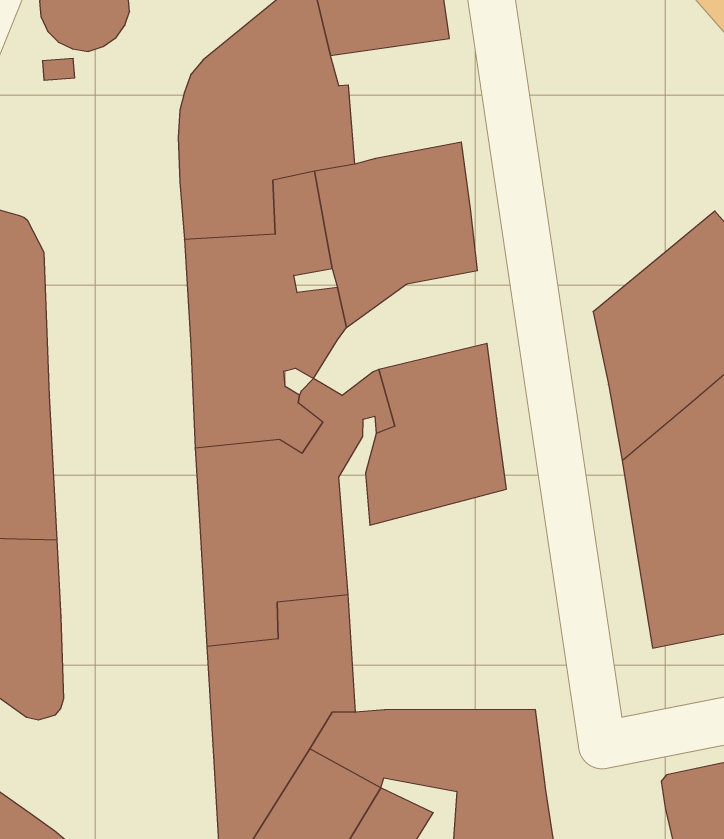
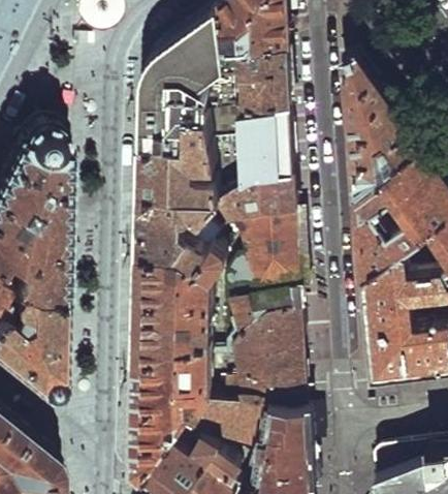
building: none -> [224,50,290,111]
building: none -> [341,61,422,202]
building: none -> [216,175,295,224]
building: none -> [224,292,306,411]

